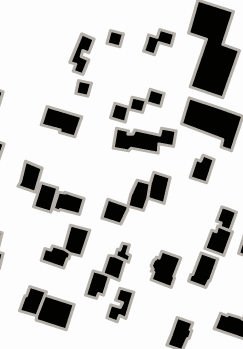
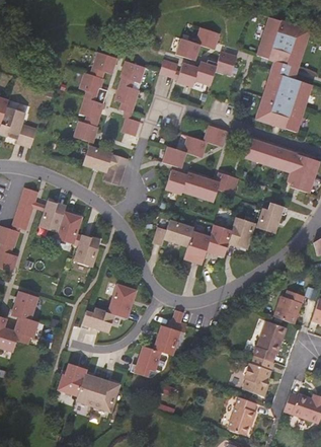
building: none -> [172,29,219,64]
building: none -> [71,52,114,145]
building: none -> [176,70,205,94]
building: none -> [38,202,65,235]
building: none -> [228,217,255,252]
building: [53,192,84,215] -> none
building: [102,199,128,224] -> [163,221,193,250]
building: [216,207,237,231] -> none
building: [151,251,181,288] -> [241,352,275,394]
building: [107,288,134,322] -> none

